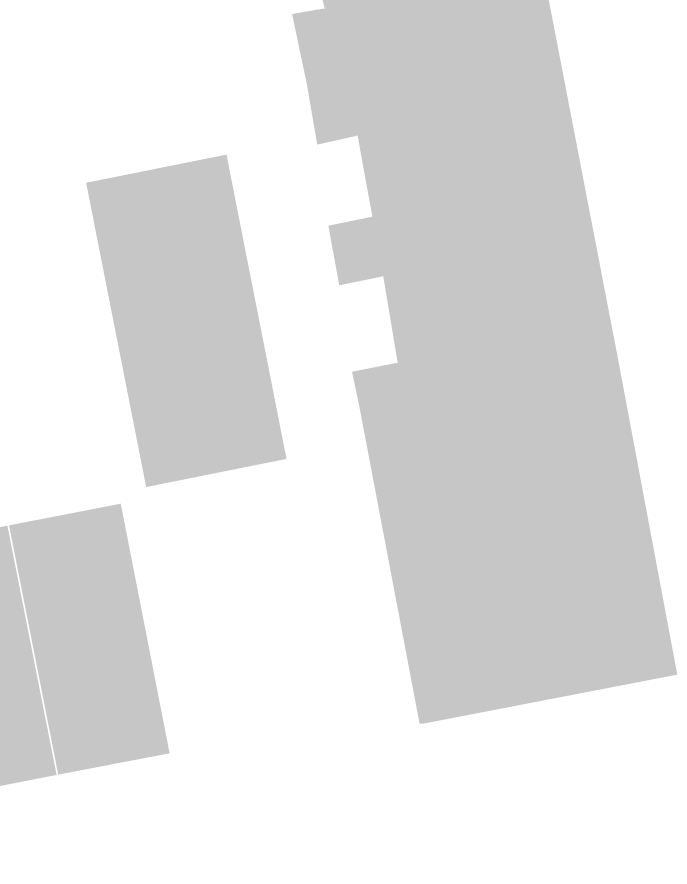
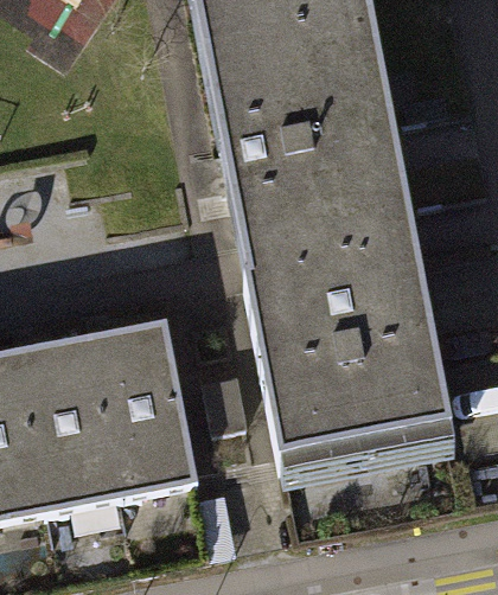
building: [86,154,287,488] -> none
building: none -> [92,319,199,495]

